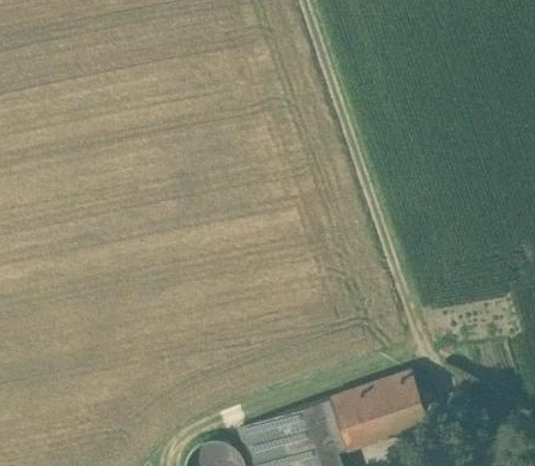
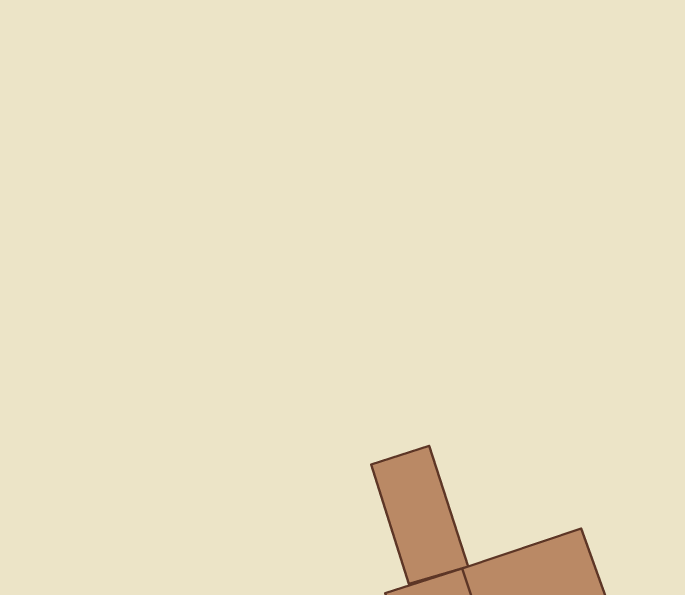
building: none -> [371,446,468,584]

